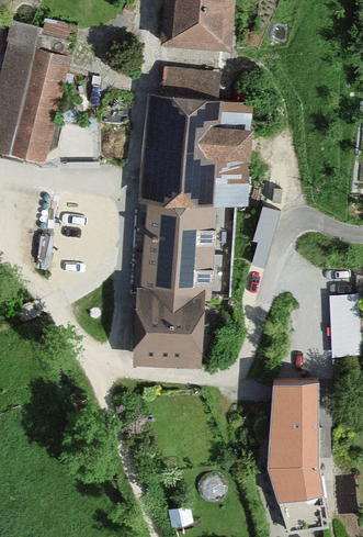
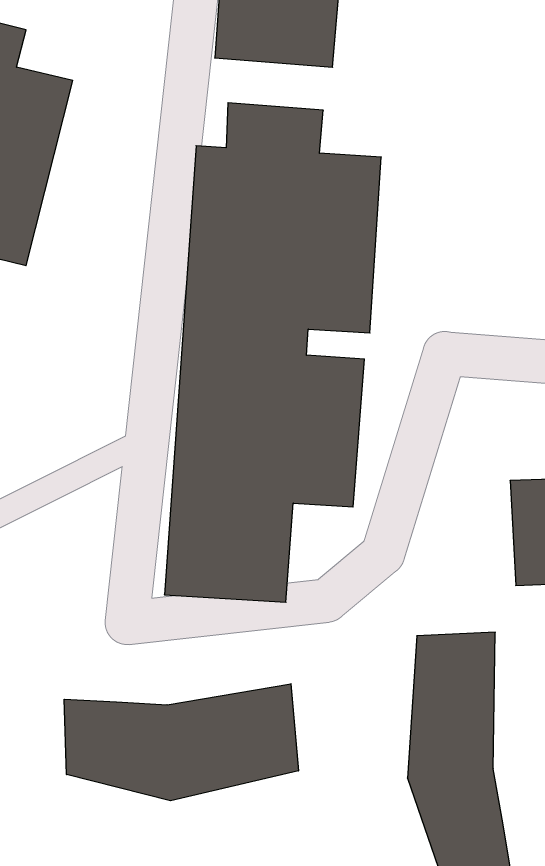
building: none -> [64,684,298,801]

